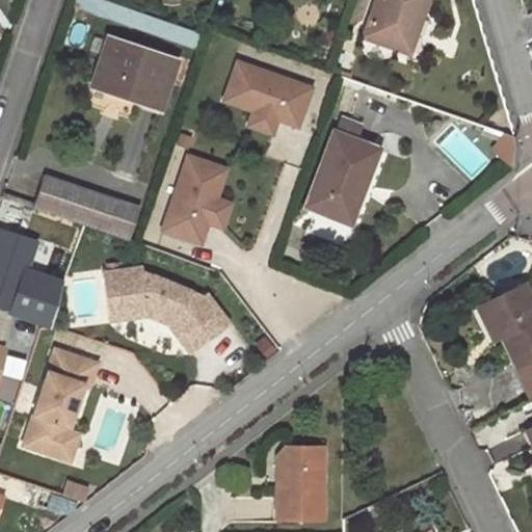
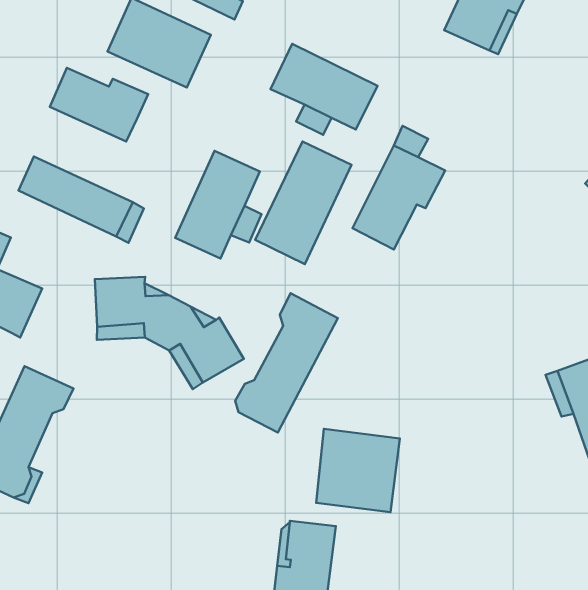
building: none -> [50,68,148,141]
building: none -> [255,141,351,264]
building: none -> [235,293,338,432]
building: none -> [316,429,400,512]

